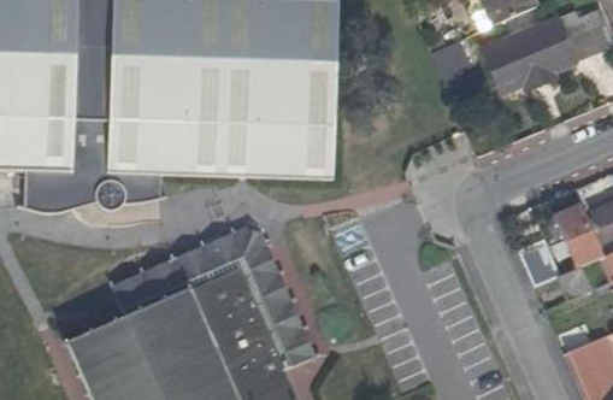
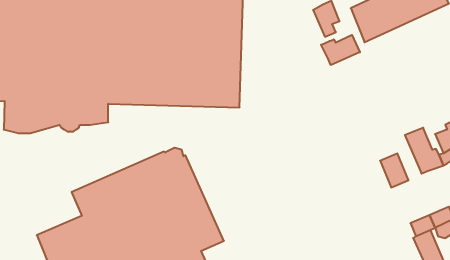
building: none -> [321,35,360,65]

